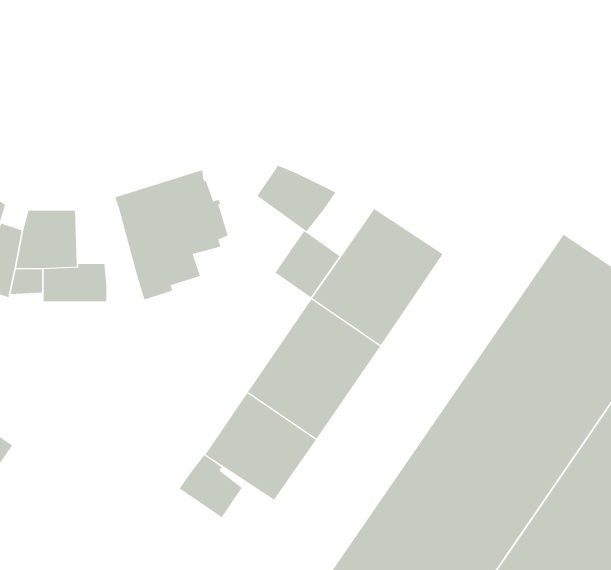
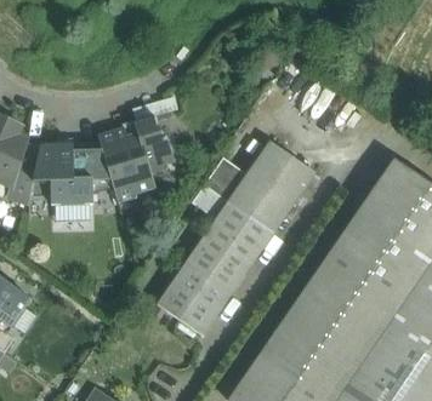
building: [256,165,336,232] -> none
building: none -> [73,142,113,193]
building: [179,454,243,518] -> none

